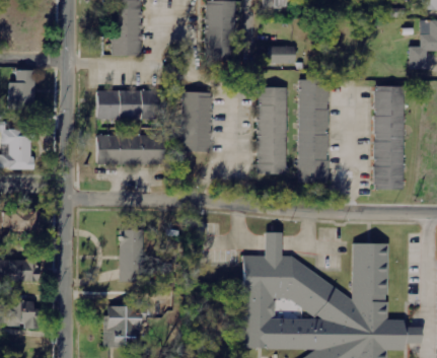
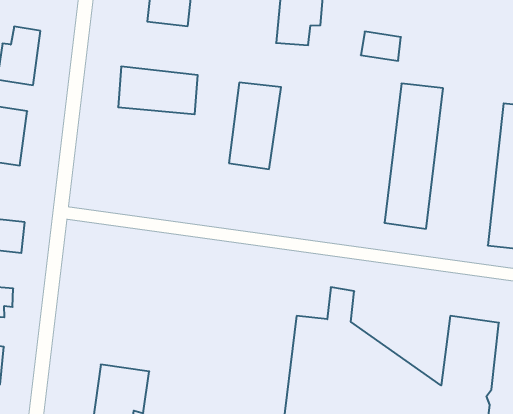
building: [257,87,287,174] -> none
building: [95,133,161,165] -> none
building: [120,230,144,280] -> none

